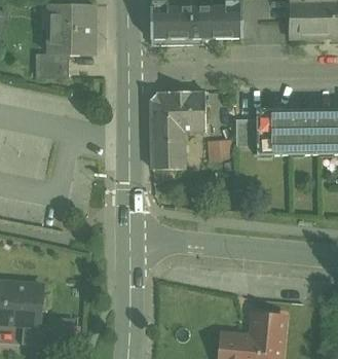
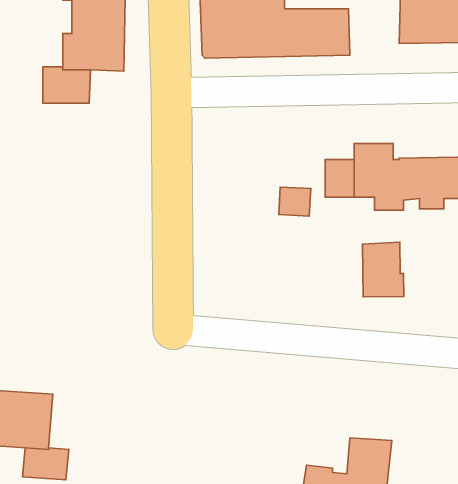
building: [150,88,206,168] -> none
building: none -> [363,242,404,297]

